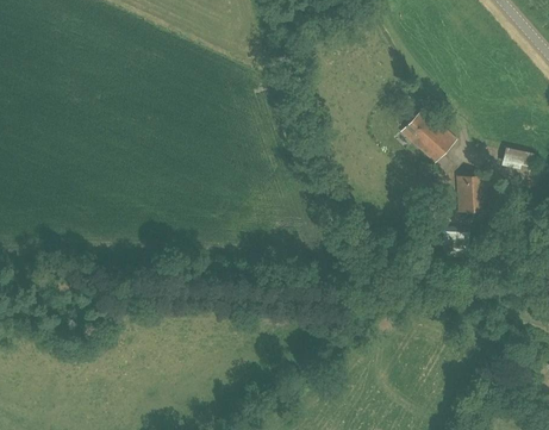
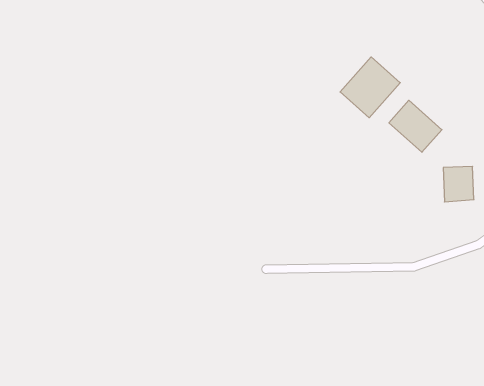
building: none -> [340,57,400,118]

